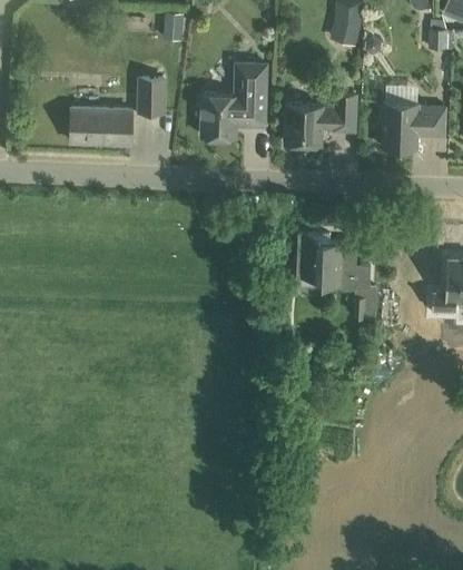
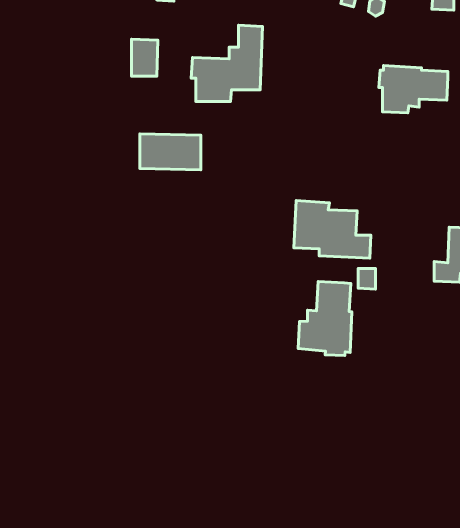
building: [285,94,356,145] -> none
building: [71,109,130,144] -> [140,134,201,170]
building: none -> [298,281,352,356]

